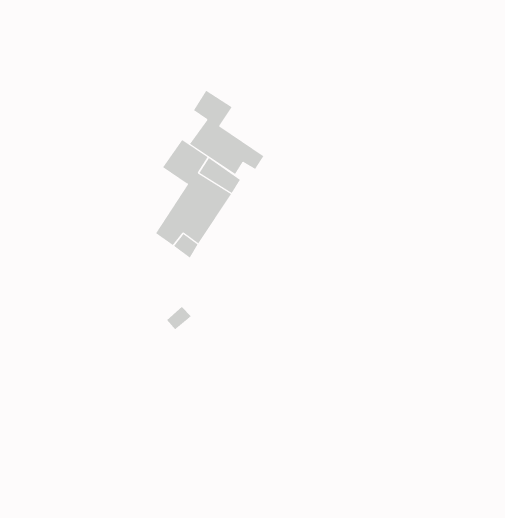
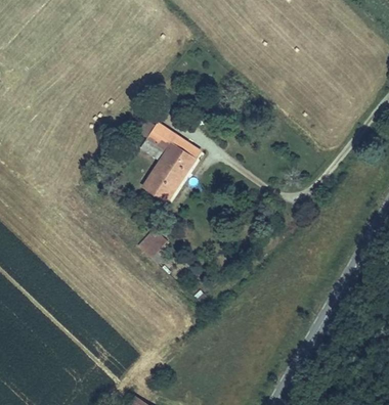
building: [189,90,264,175] -> none

